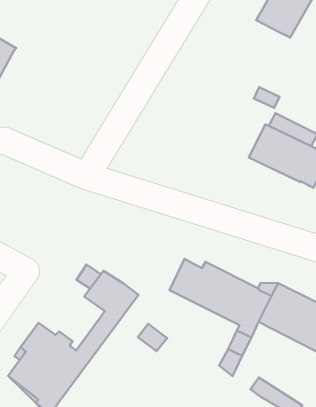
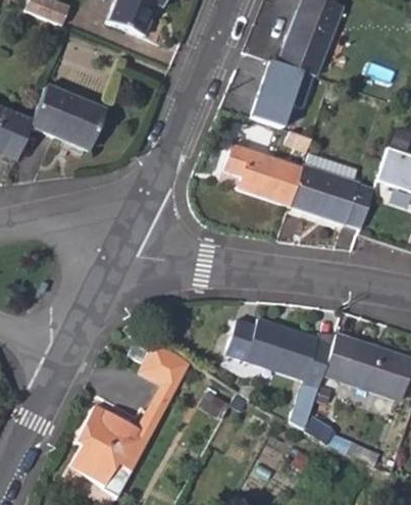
building: none -> [30,86,104,149]
building: none -> [251,58,303,127]
building: none -> [225,144,301,204]

